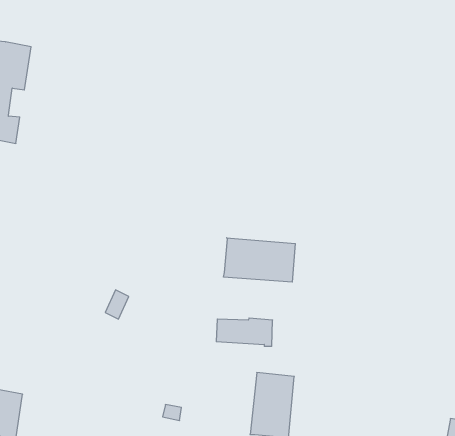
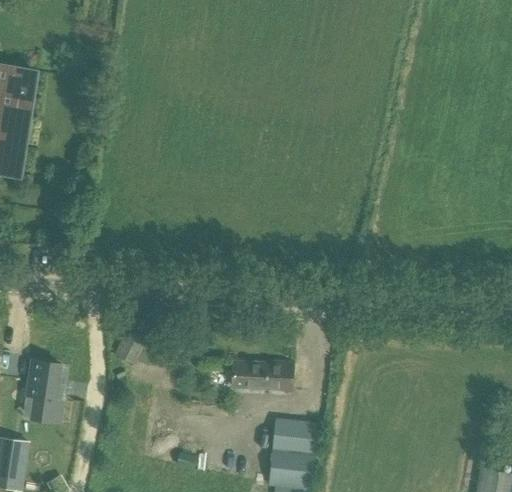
building: [224,238,295,282] -> none
building: none -> [26,364,64,427]

